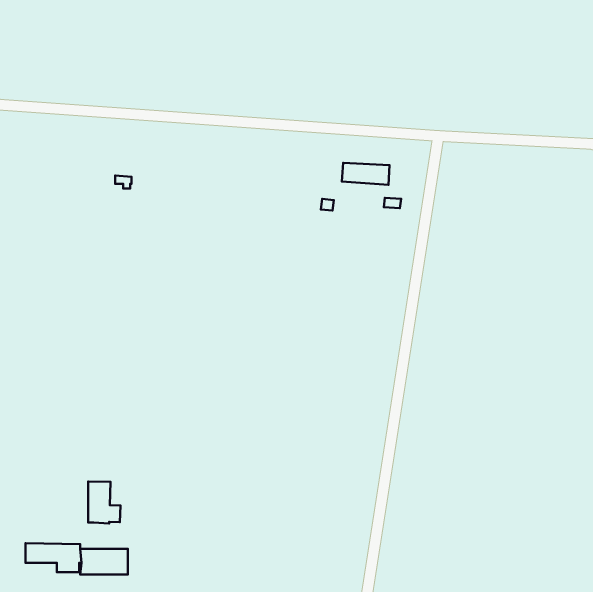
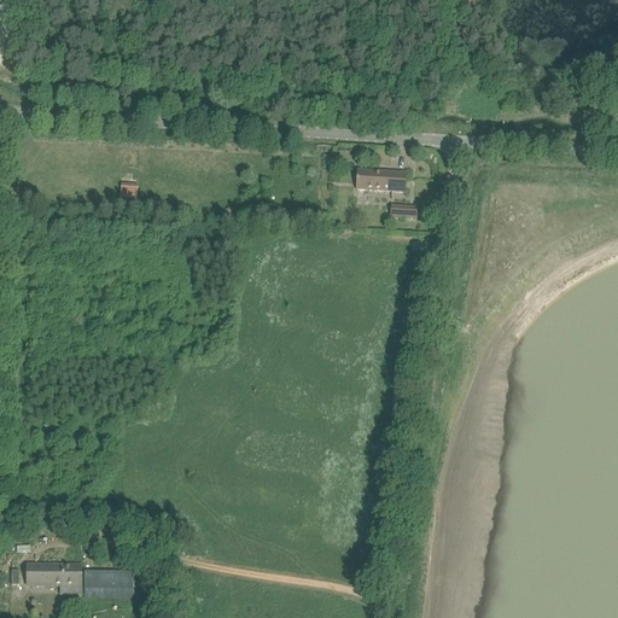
building: [88,481,120,524] -> none

